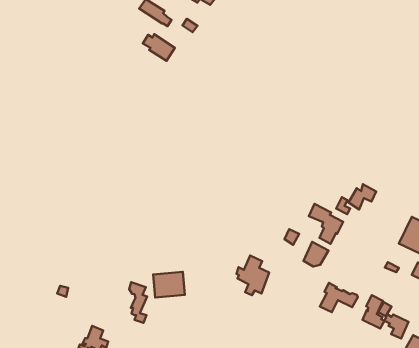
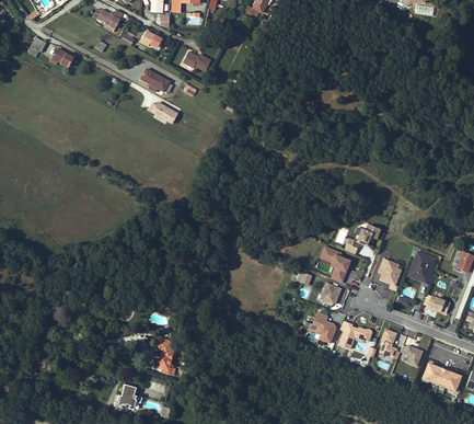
building: none -> [377,257,402,289]
building: [237,255,269,295] -> [305,309,336,346]
building: [153,272,185,297] -> none

